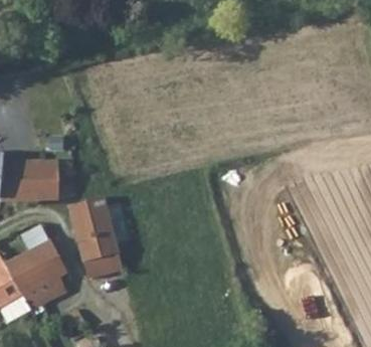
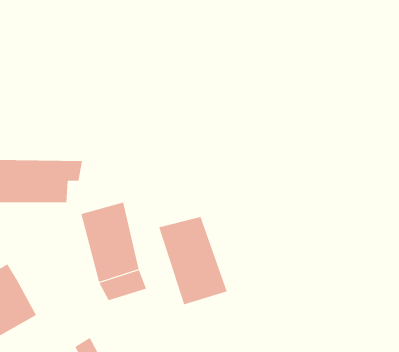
building: none -> [159,216,227,305]
building: [15,239,65,306] -> none

